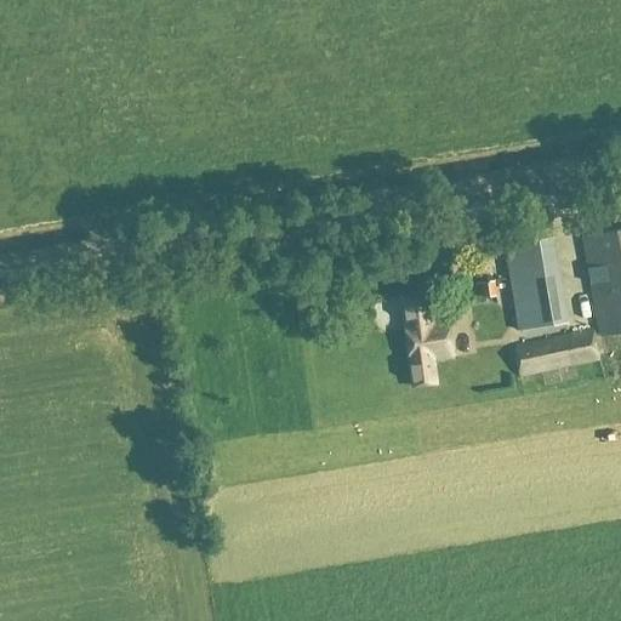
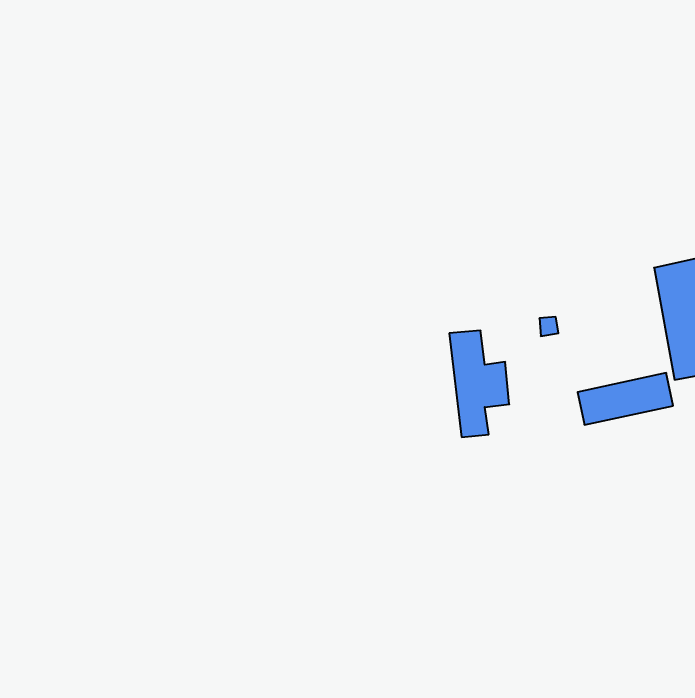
building: [508,237,569,332] -> none

